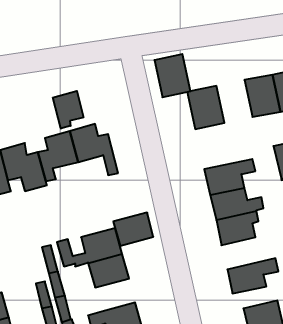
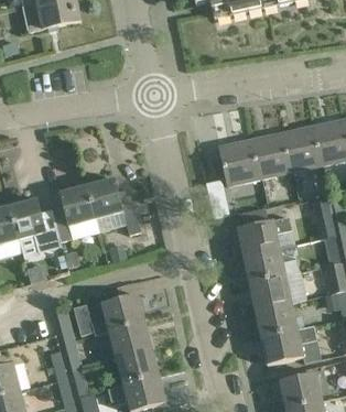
building: [154,54,191,97] -> [249,130,289,177]
building: [53,91,83,129] -> none
building: [113,213,153,246] -> [116,348,160,384]
building: none -> [255,303,314,338]

